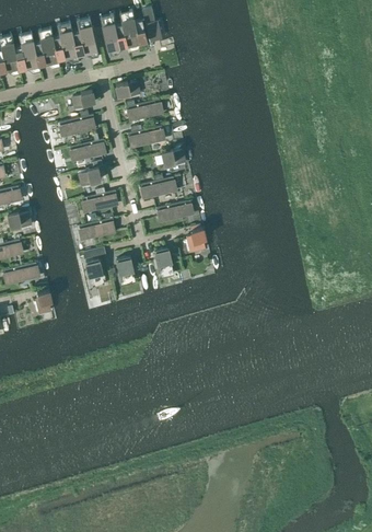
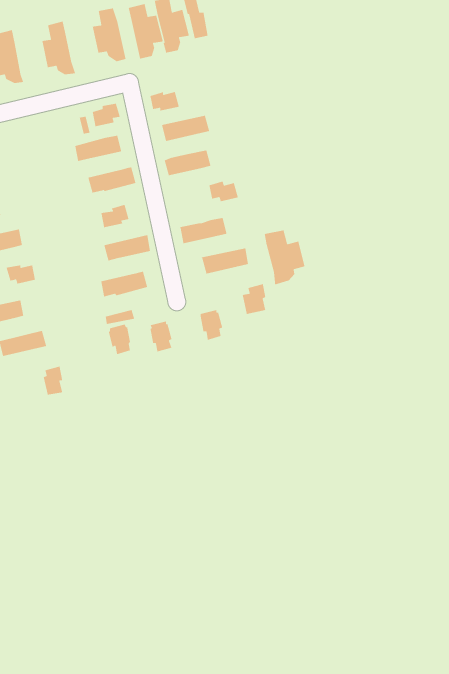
building: [53,24,79,66] -> none
building: [14,35,40,76] -> none
building: none -> [264,230,305,286]

